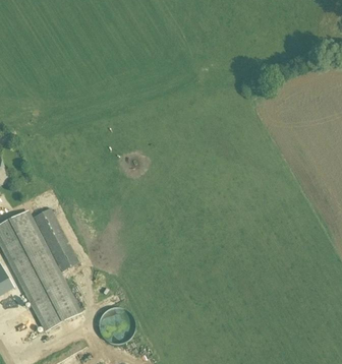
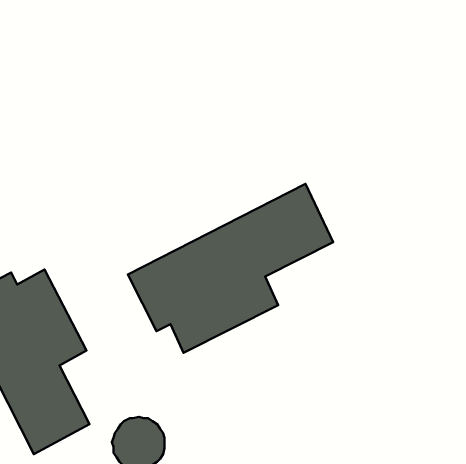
building: none -> [128,184,333,353]

